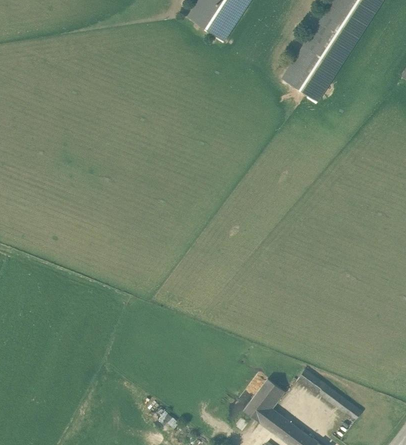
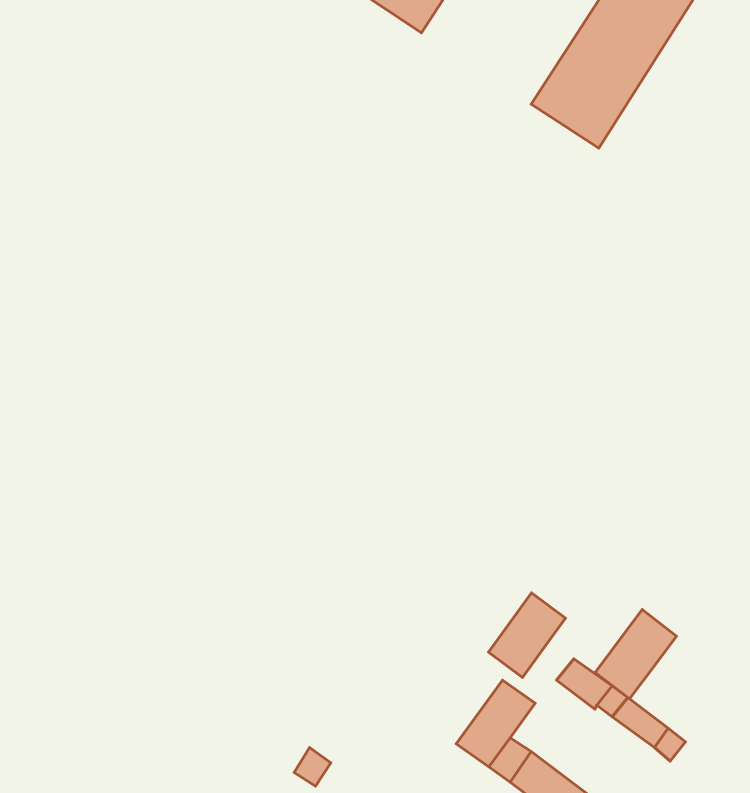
building: none -> [488,593,566,677]
building: none -> [595,610,677,699]

